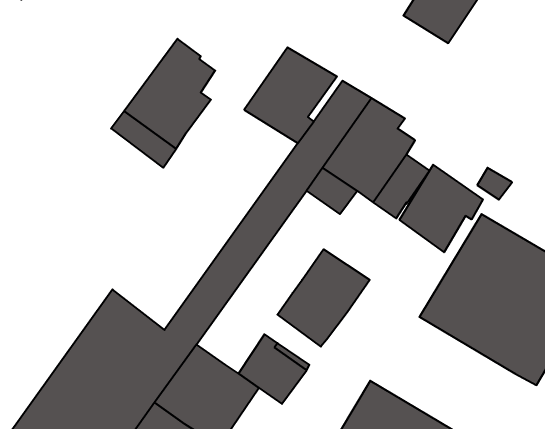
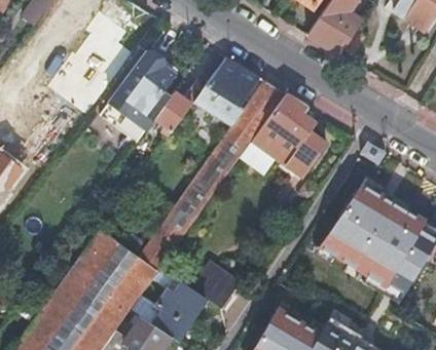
building: none -> [154,91,194,137]
building: [400,165,483,252] -> none
building: [277,249,370,347] -> none

